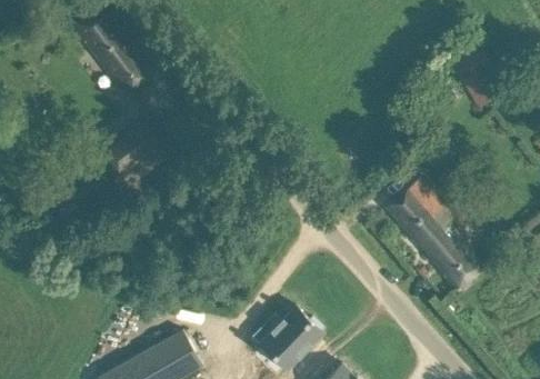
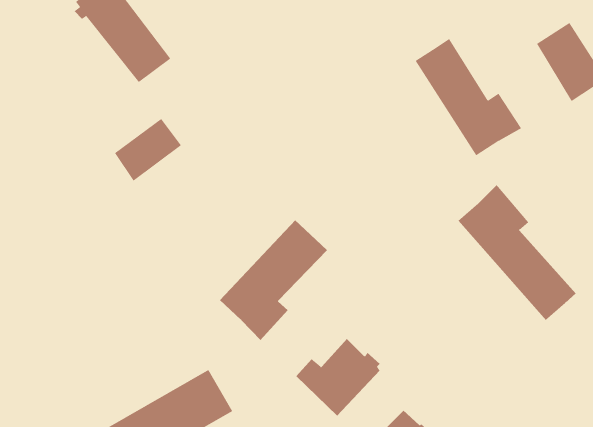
building: none -> [415,38,522,156]
building: none -> [219,220,328,341]

